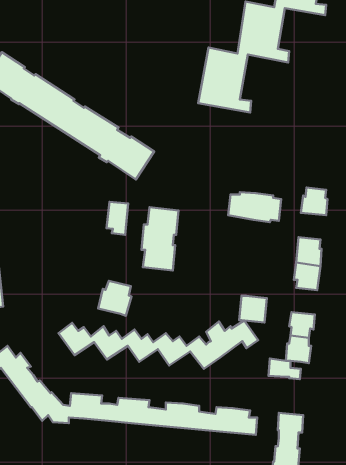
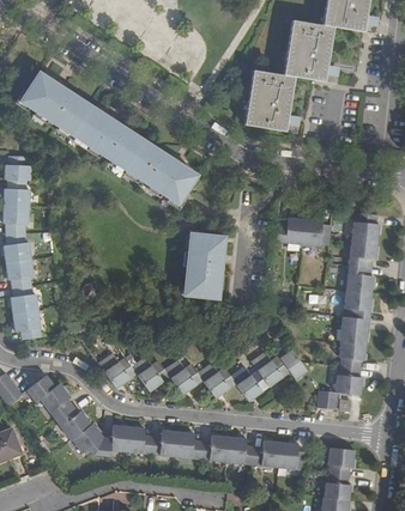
building: [106,202,128,235] -> none
building: none -> [347,237,376,264]
building: [98,281,132,316] -> none
building: [239,296,267,322] -> [338,315,367,342]

